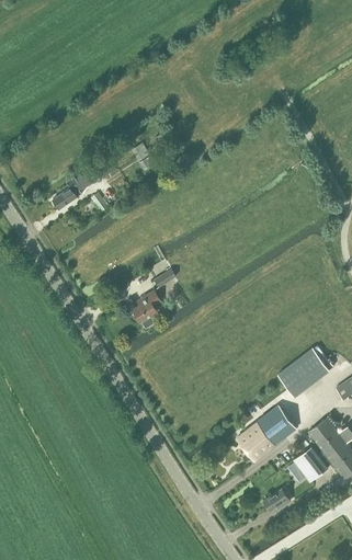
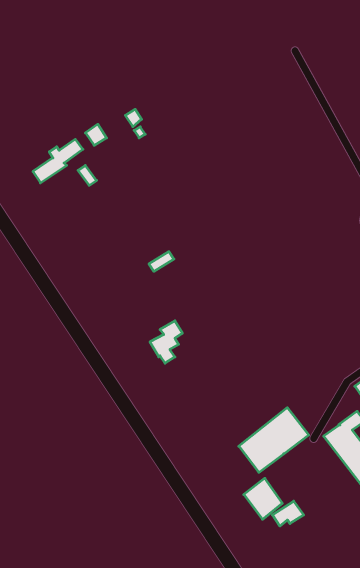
building: [133,289,161,327] -> [150,321,182,363]
building: [279,347,329,396] -> none
building: [295,445,329,481] -> [244,478,282,519]

